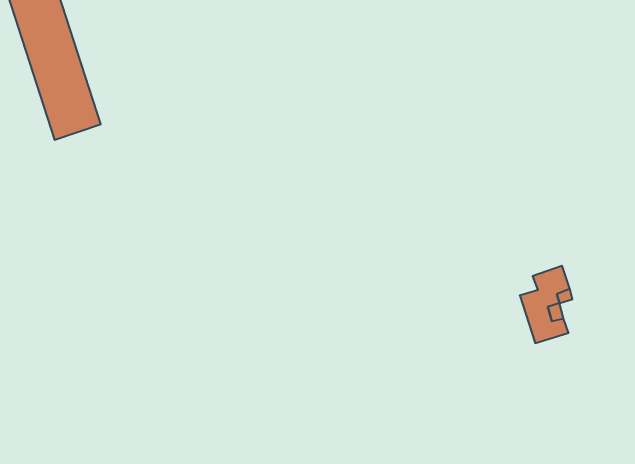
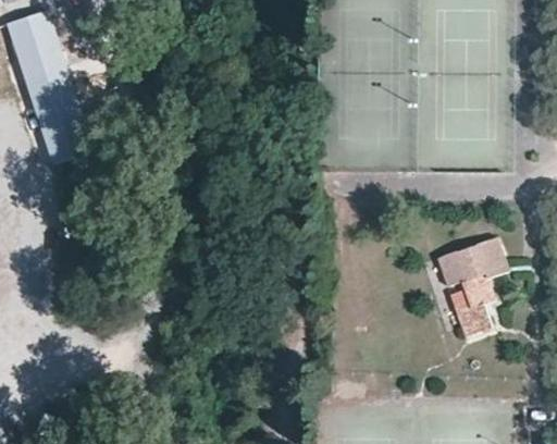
building: none -> [436,236,506,284]

